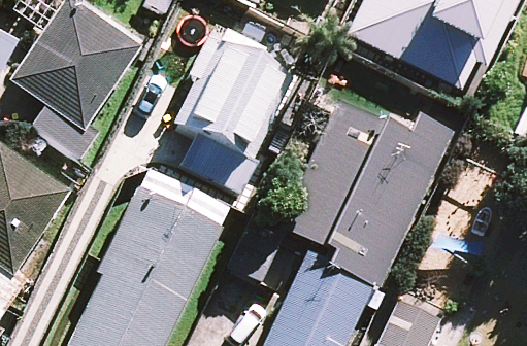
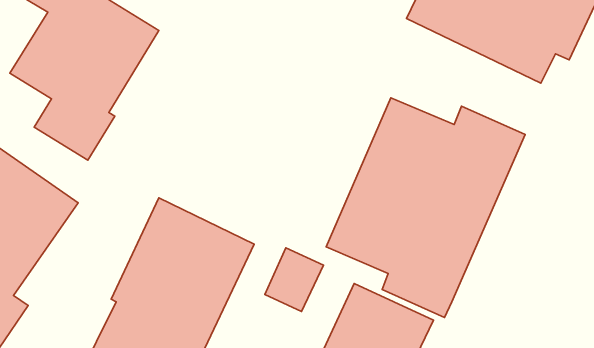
building: [173,27,297,192] -> none

